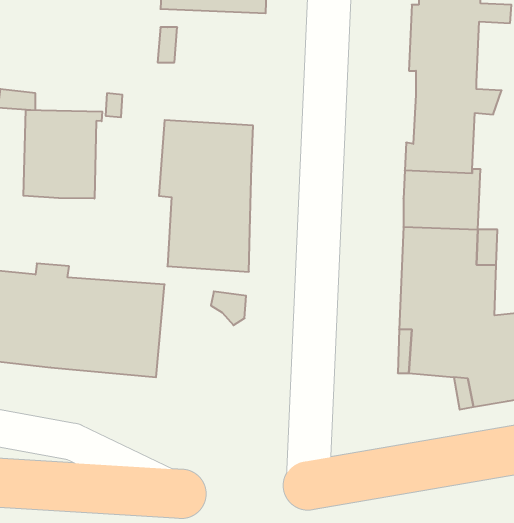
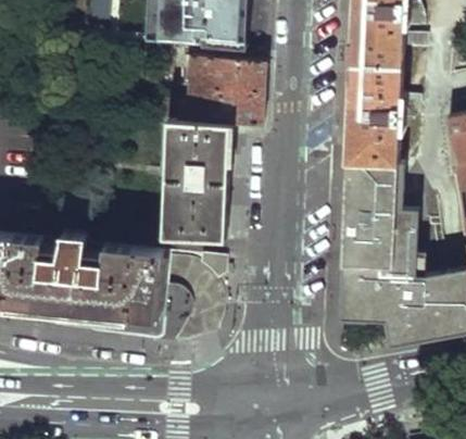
building: none -> [149,59,265,128]
building: [23,110,102,199] -> none

